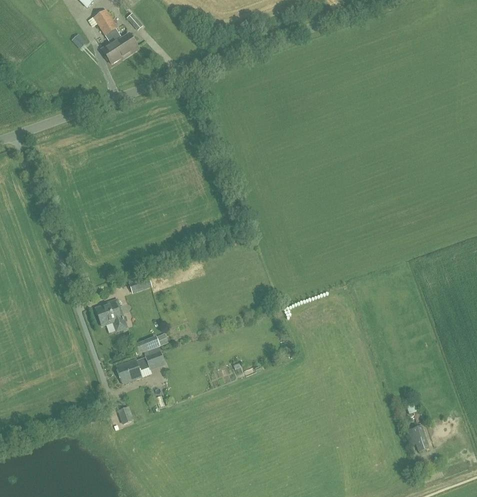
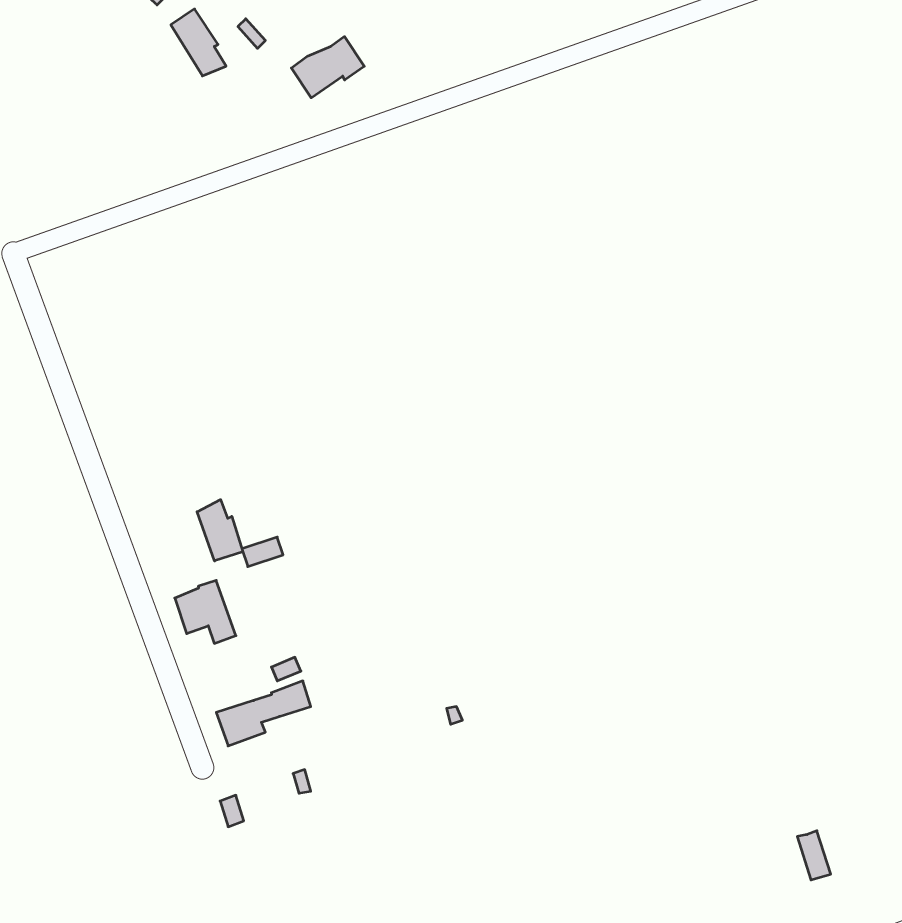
building: [101,32,138,63] -> [291,37,364,98]
building: none -> [197,500,243,561]

